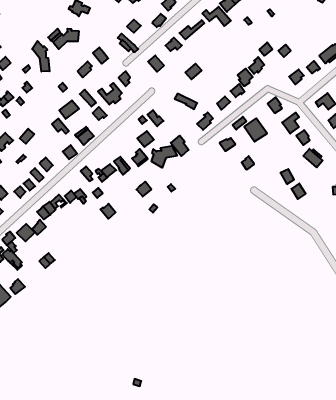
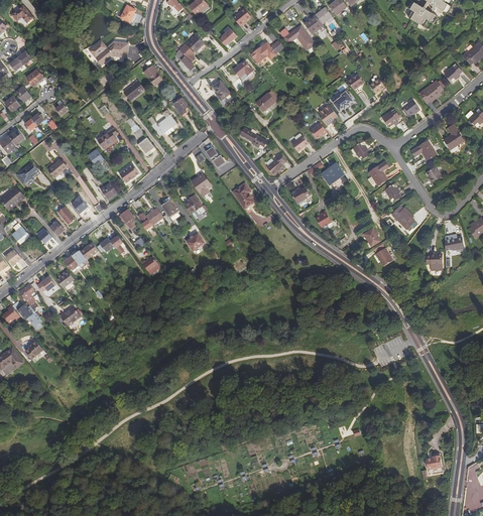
building: [32,41,50,72] -> none
building: [152,146,177,168] -> none

